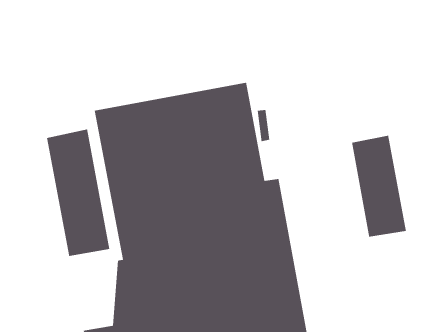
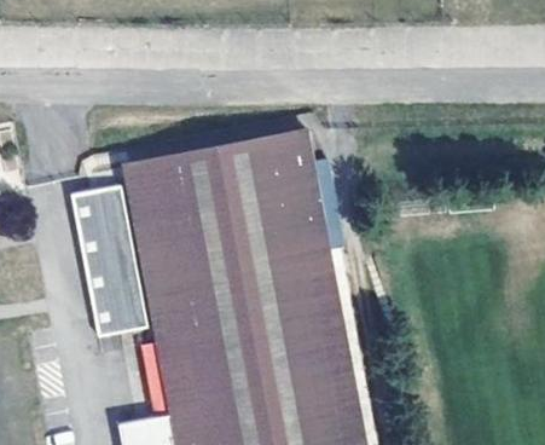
building: [352,135,406,237] -> none

